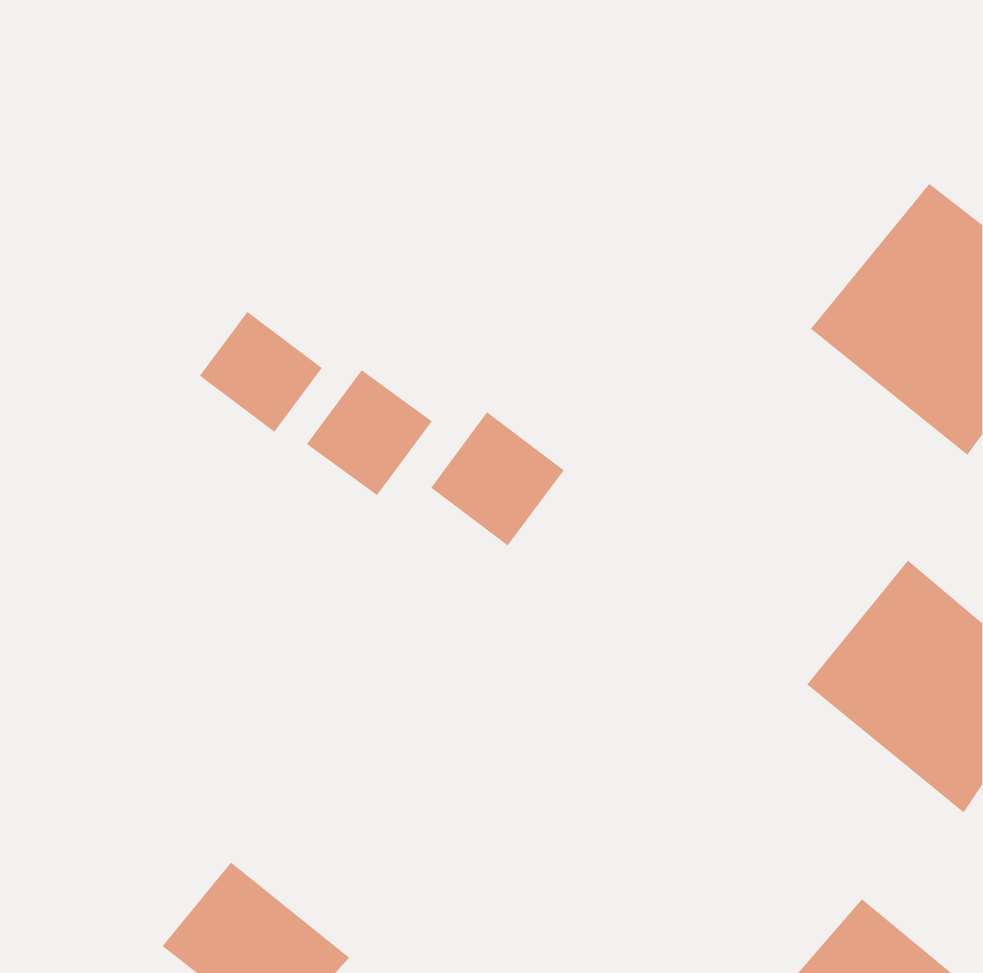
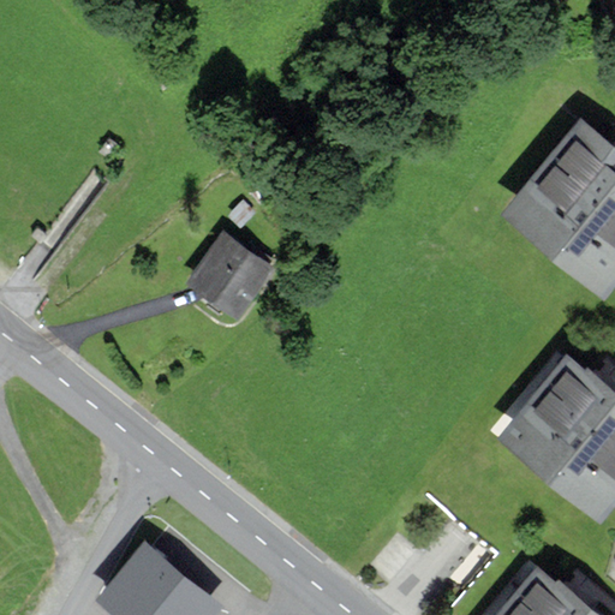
building: [199,311,323,433] -> none
building: [430,411,565,547] -> none

